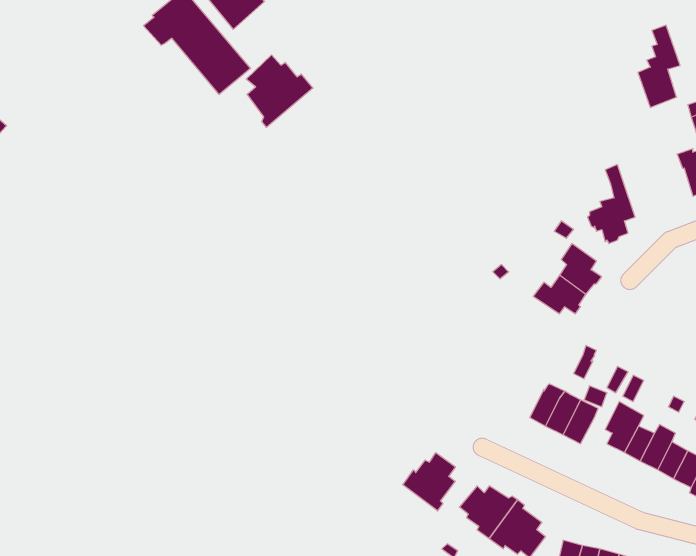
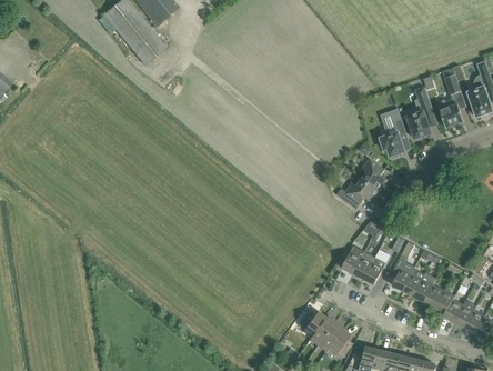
building: [638,25,680,108] -> [406,87,433,139]
building: [246,55,313,127] -> none
building: [403,453,455,511] -> none

